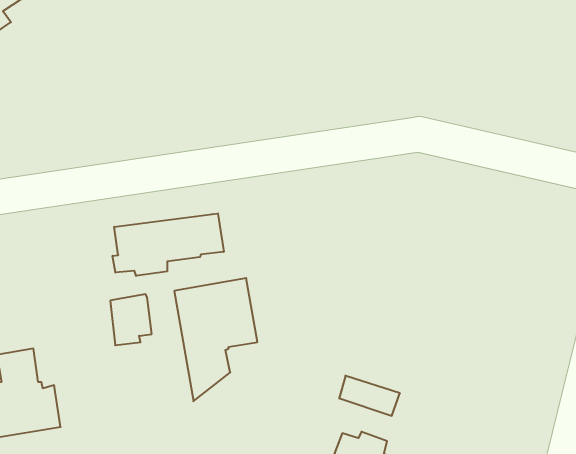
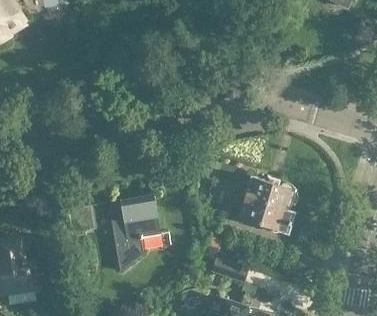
building: [113,213,224,276] -> none
building: none -> [239,178,298,235]

